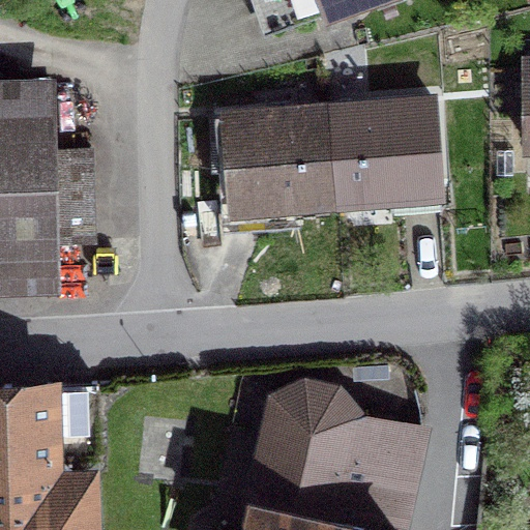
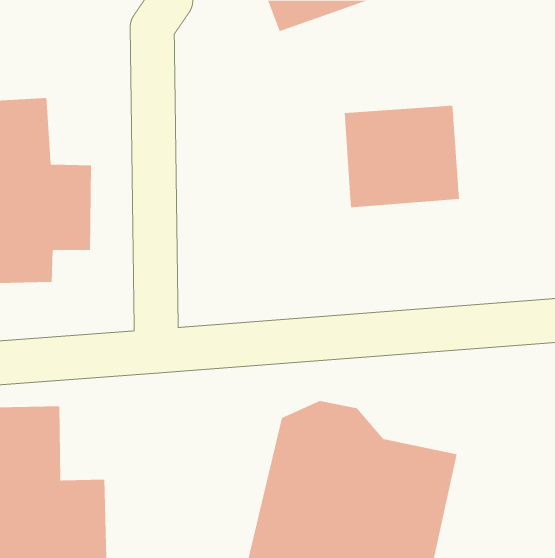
building: [222,108,331,205] -> none

